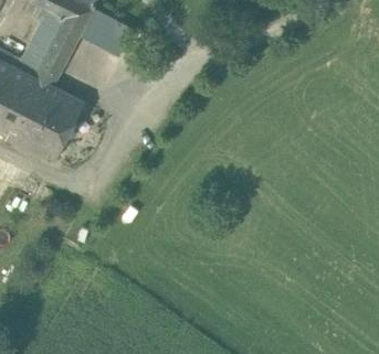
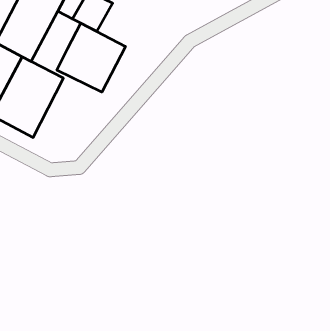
building: none -> [57,23,125,92]

